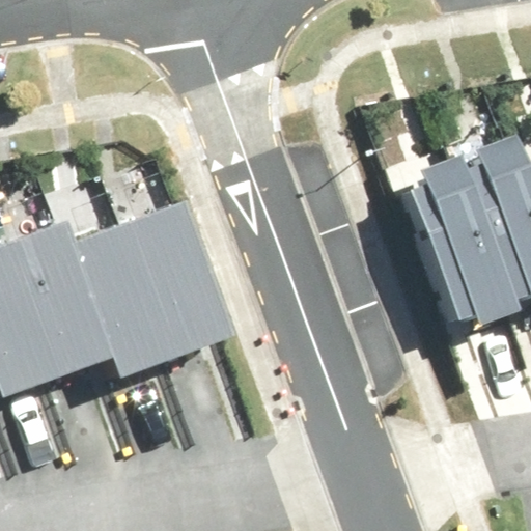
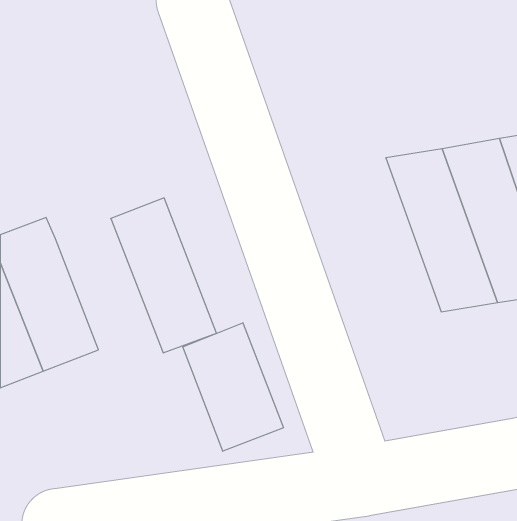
building: [63,224,172,382] -> none
building: none -> [183,323,284,451]

